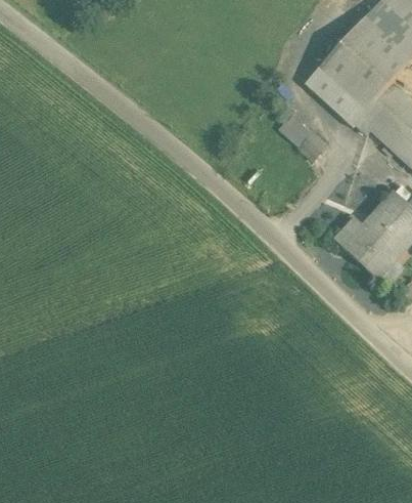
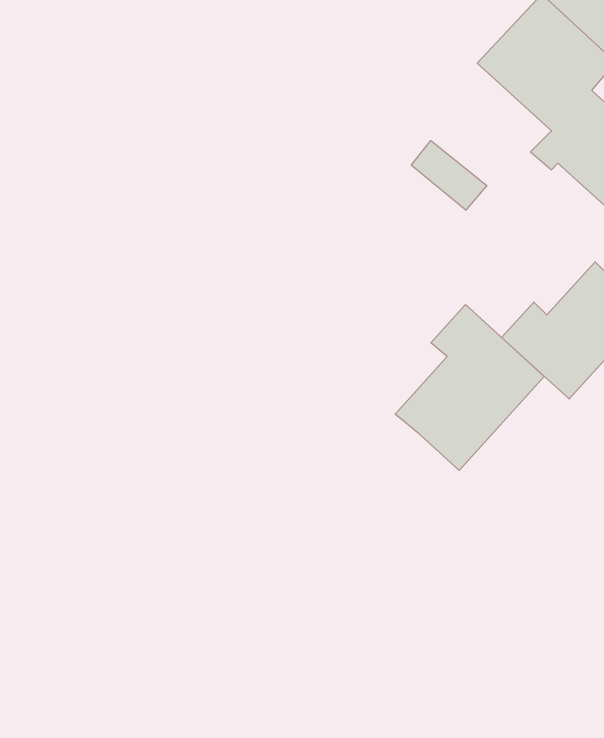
building: [301,65,367,123] -> none
building: none -> [395,305,544,470]

